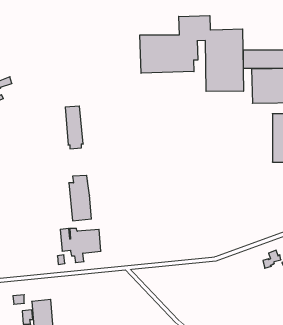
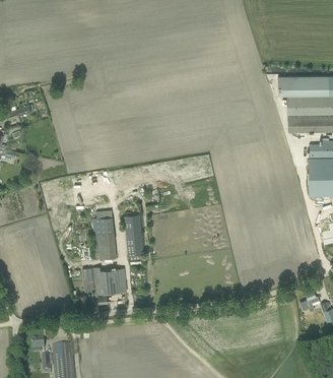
building: [140,16,243,91] -> none
building: [65,106,83,149] -> [125,214,144,260]

